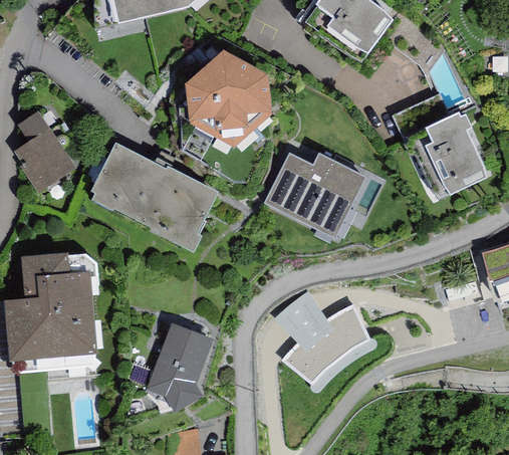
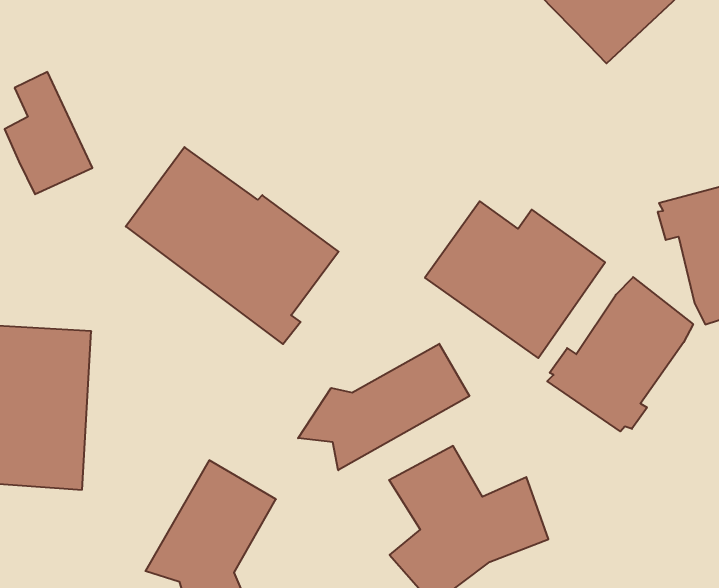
building: [200,57,277,142] -> none
building: none -> [547,277,693,431]
building: none -> [298,344,469,470]

